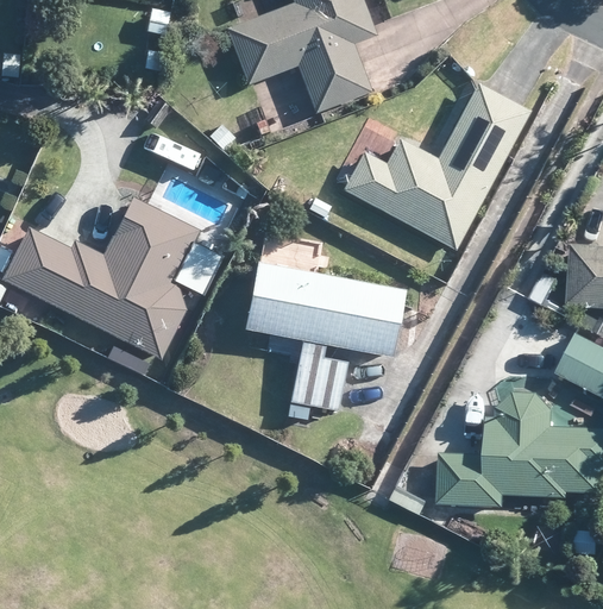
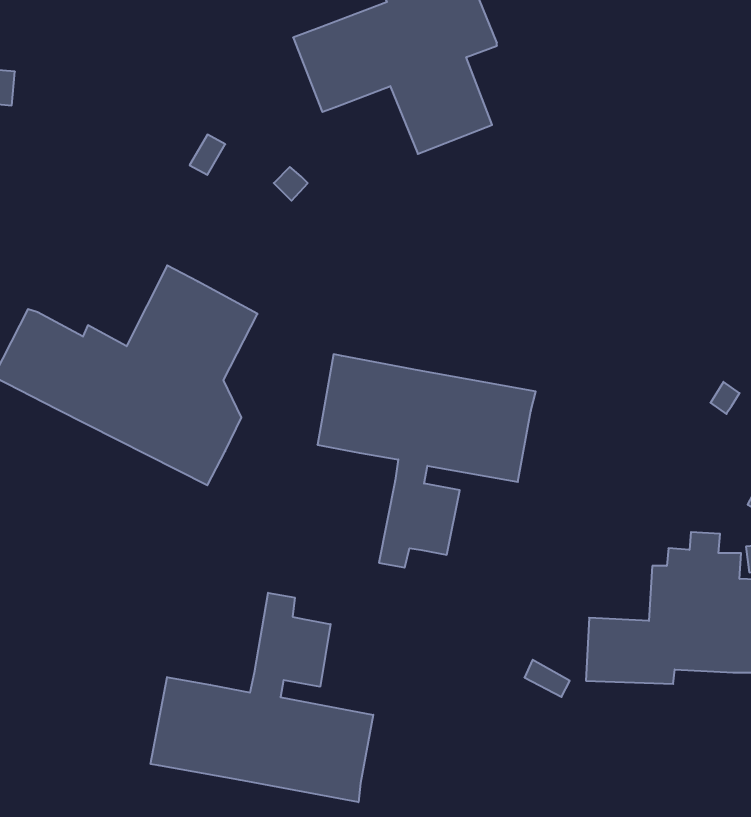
building: [343,83,527,249] -> none
building: none -> [151,593,373,802]

